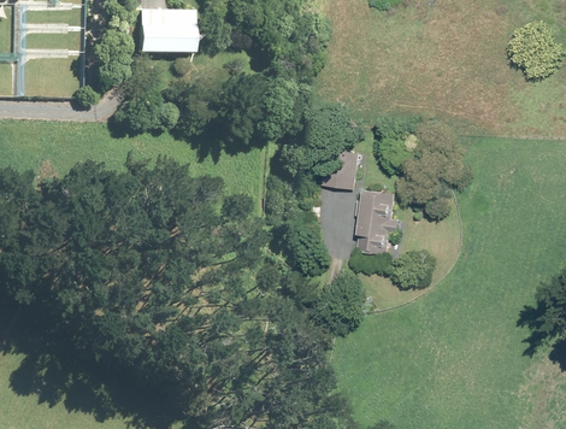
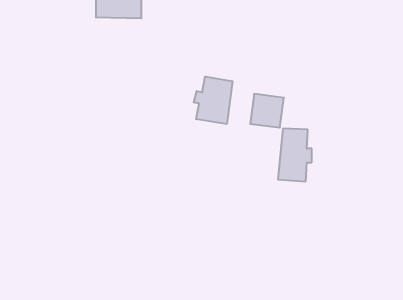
building: none -> [194,76,233,124]

